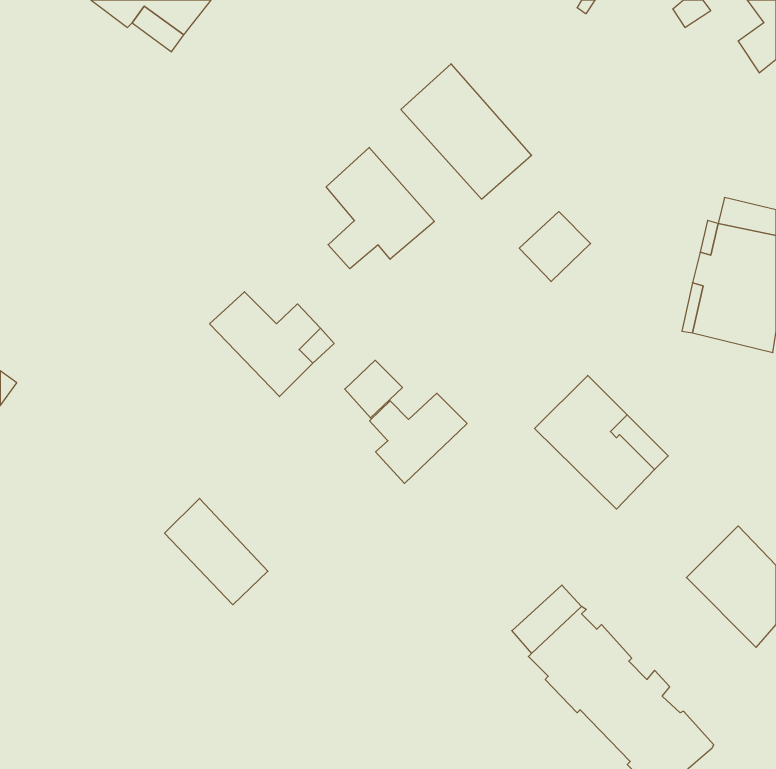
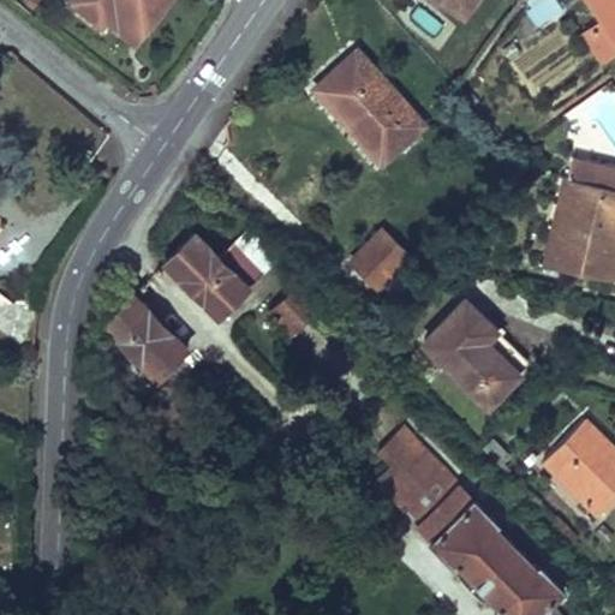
building: [326,147,434,269] -> none
building: [519,212,591,282] -> [351,235,407,291]
building: [370,393,467,483] -> none
building: [165,498,268,605] -> [105,295,186,380]
building: none -> [378,428,444,508]

